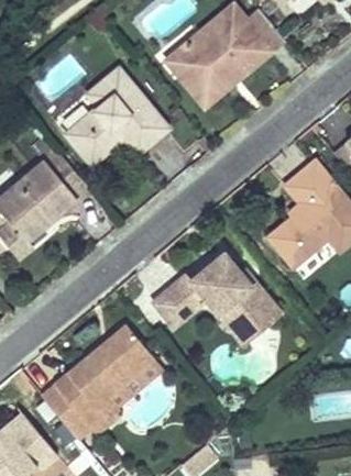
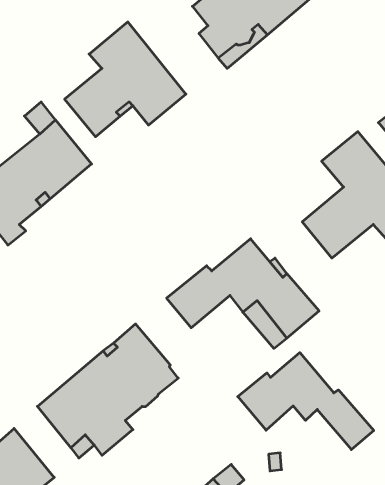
building: none -> [238,353,374,450]

